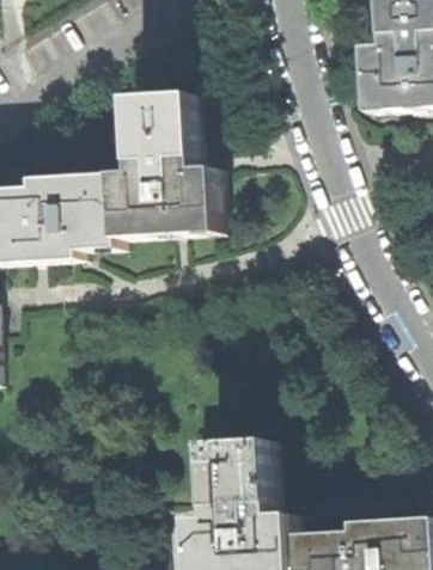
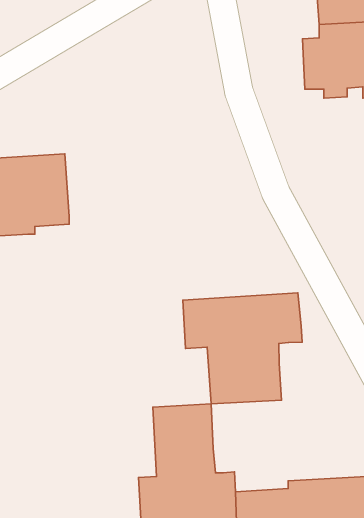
building: [108,91,215,237] -> none
building: none -> [183,293,302,404]

